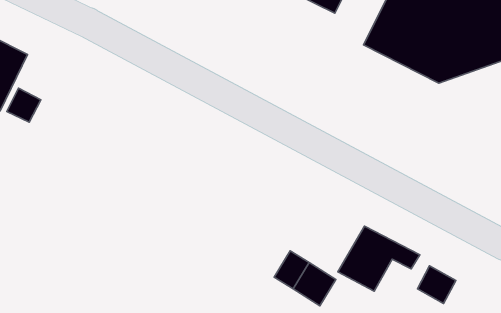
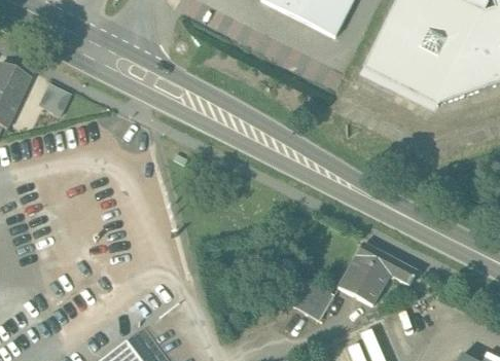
building: [7,88,41,122] -> [40,81,73,114]
building: [417,266,456,303] -> none

